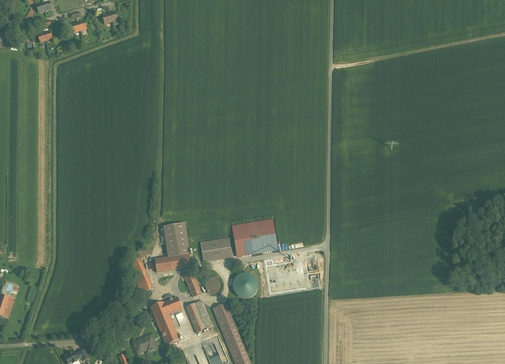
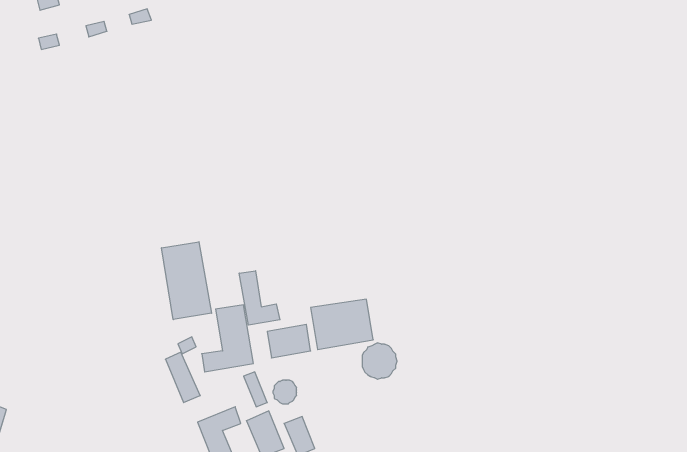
building: none -> [162,242,212,320]
building: none -> [239,271,280,325]
building: [233,273,258,299] -> [362,343,397,379]

